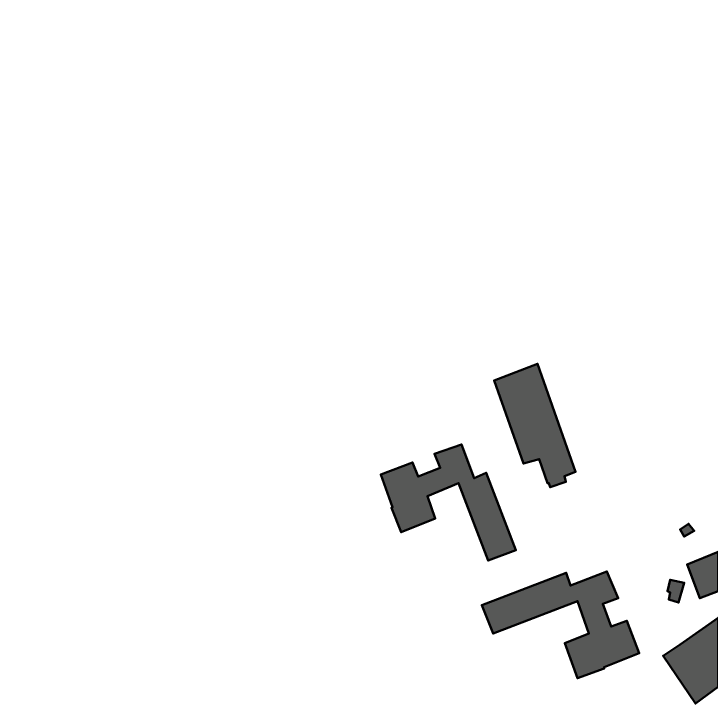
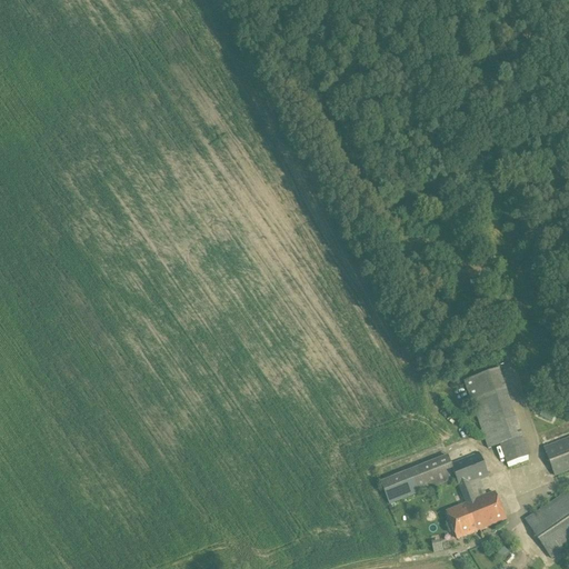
building: [494,364,576,487] -> [465,366,529,463]
building: [381,445,516,560] -> none

